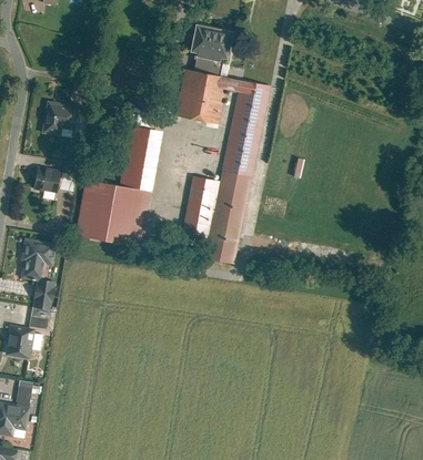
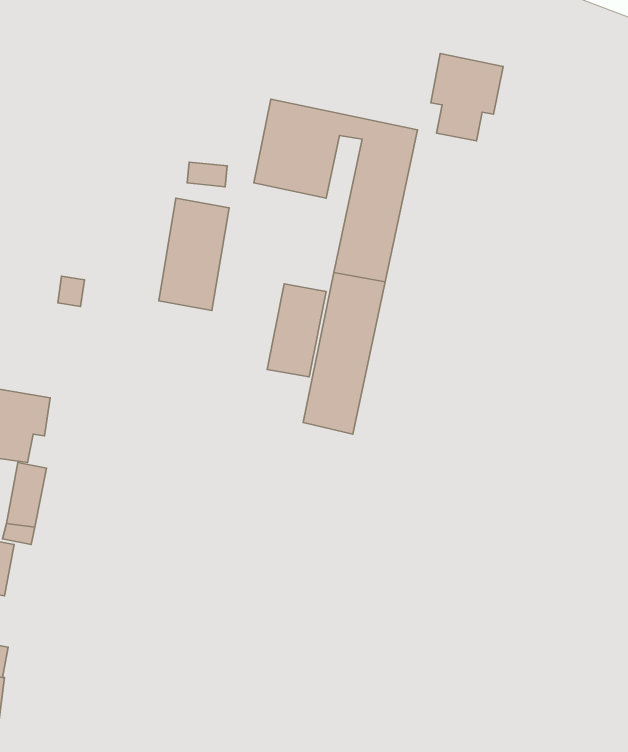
building: [190,24,232,75] -> [431,53,503,141]
building: [42,100,79,136] -> none
building: [34,167,60,192] -> none
building: [77,181,151,248] -> none

